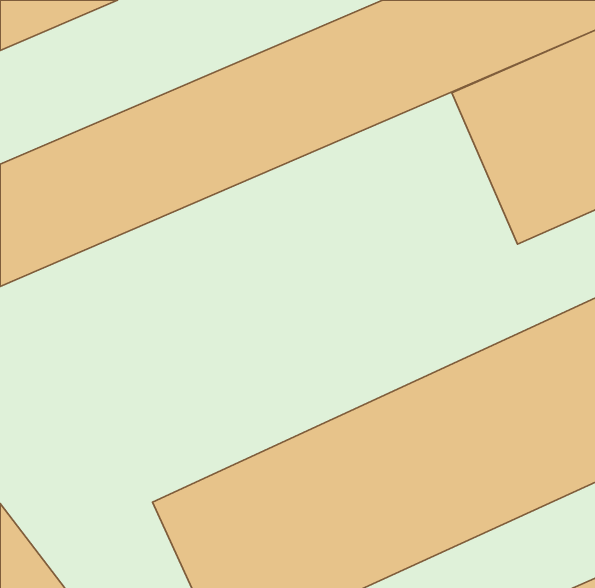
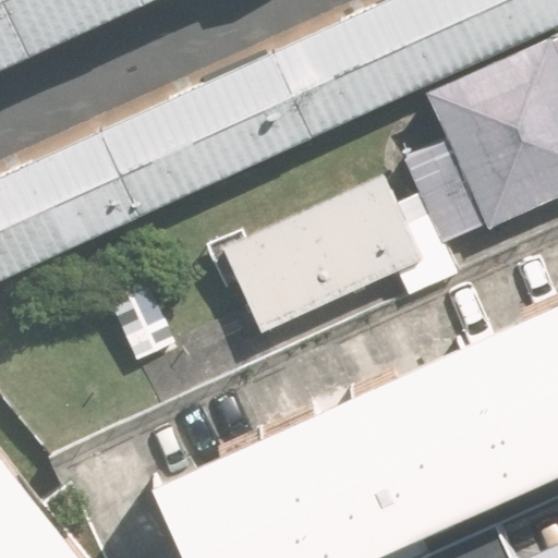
building: none -> [227,180,423,333]

